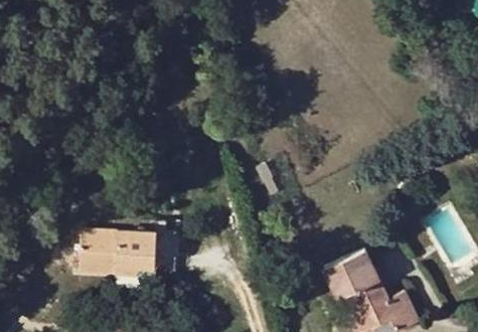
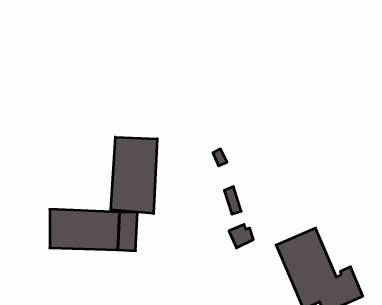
building: none -> [111,137,157,214]

